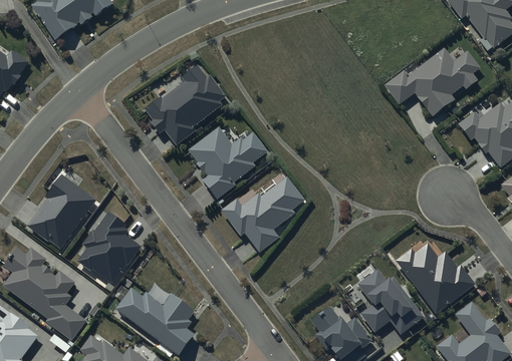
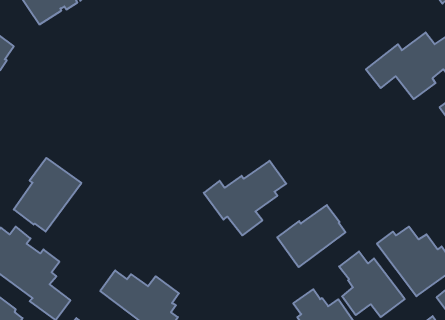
building: [146,65,226,146] -> none
building: [189,126,268,200] -> none
building: [78,213,141,284] -> none
building: none -> [277,205,345,267]

